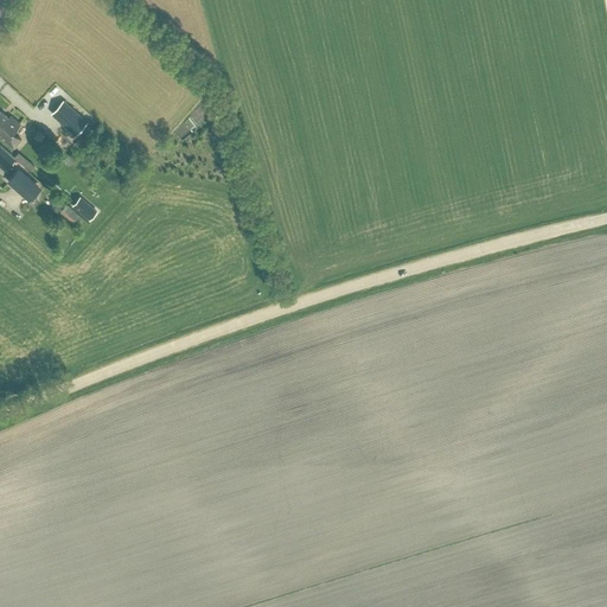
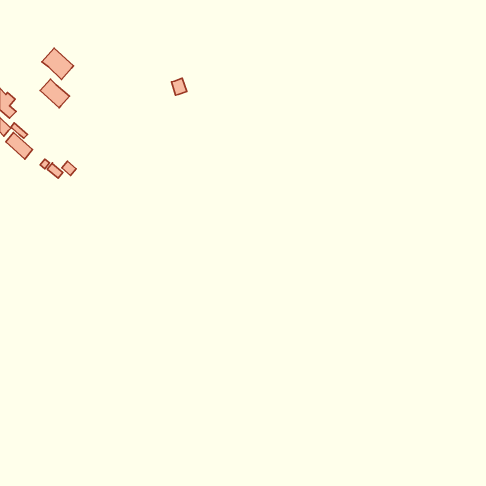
building: none -> [42,48,73,79]

